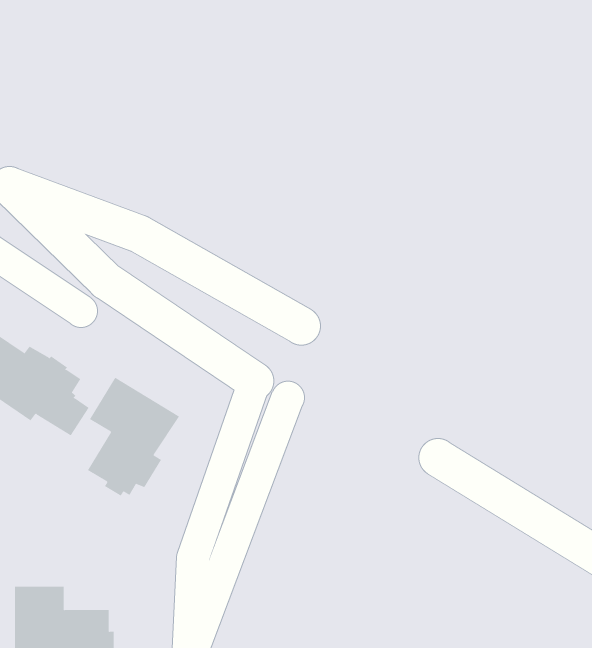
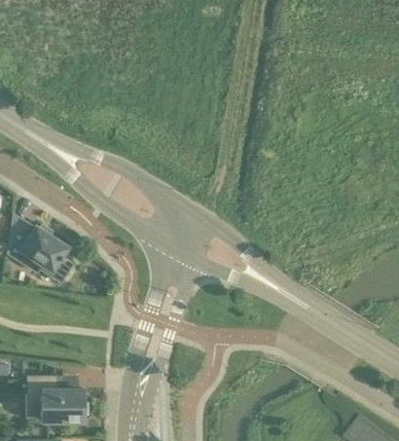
building: [87,377,180,497] -> none

